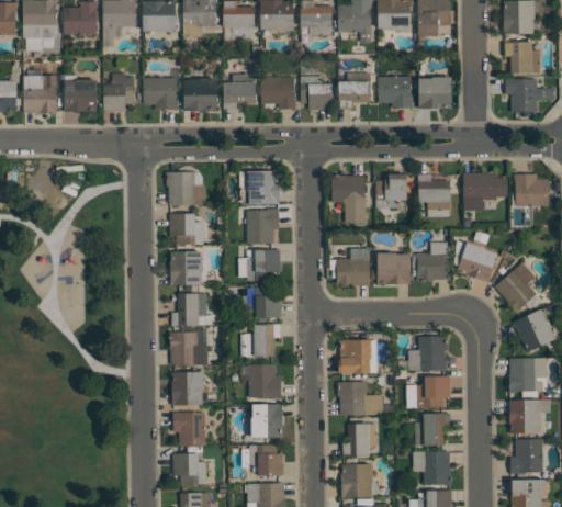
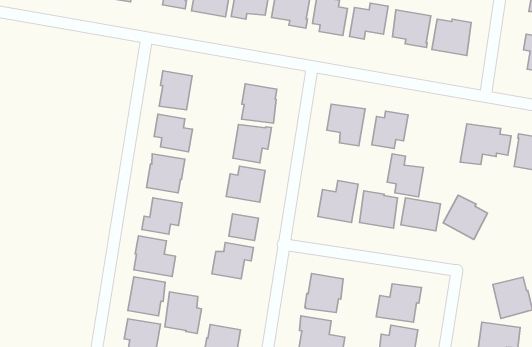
building: [418,174,450,211] -> [387,154,423,197]
building: [494,262,536,312] -> none
building: [248,364,281,399] -> [165,292,201,333]

